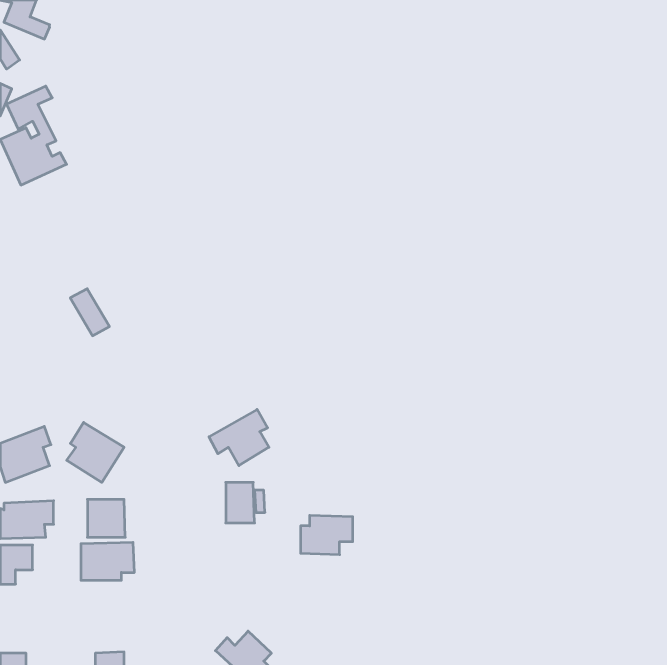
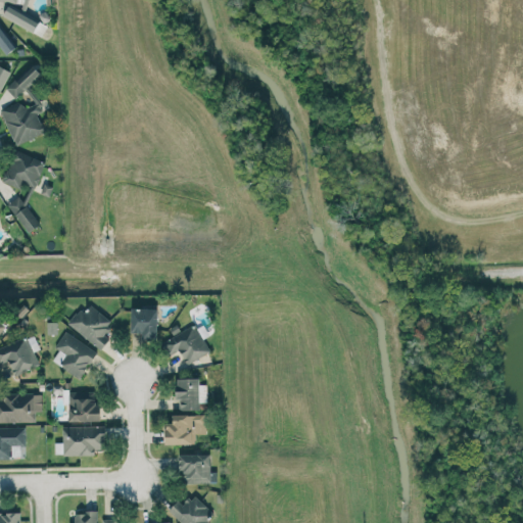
building: none -> [4,151,43,192]
building: [70,289,109,336] -> [8,196,39,233]
building: none -> [69,302,111,350]
building: none -> [131,308,158,339]
building: [301,515,353,555] -> [165,415,206,445]
building: none -> [180,455,217,483]

